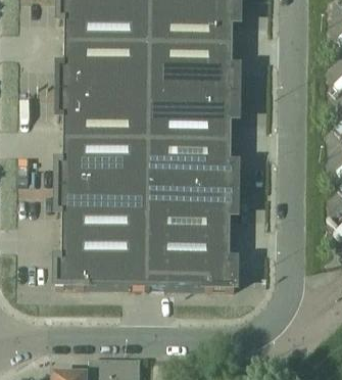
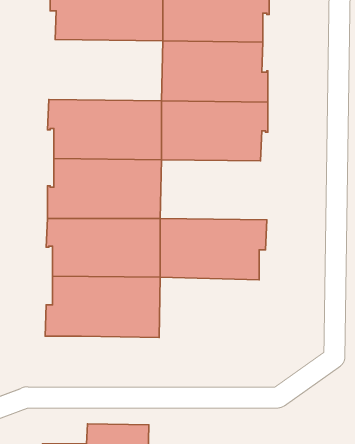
building: [61,44,154,94] -> none
building: [152,142,239,191] -> none
building: [151,238,238,288] -> none

